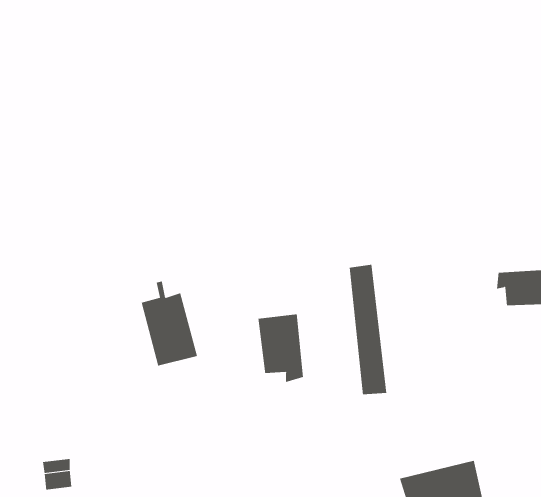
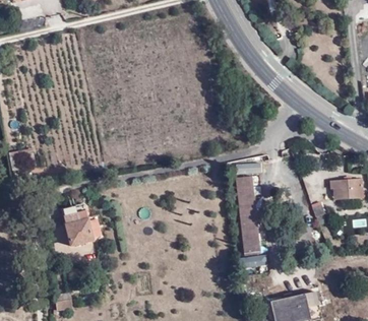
building: [141,281,198,366] -> [59,193,94,245]
building: [258,313,304,383] -> none

